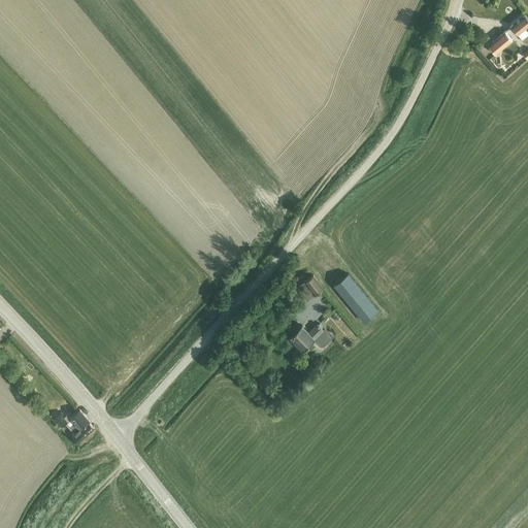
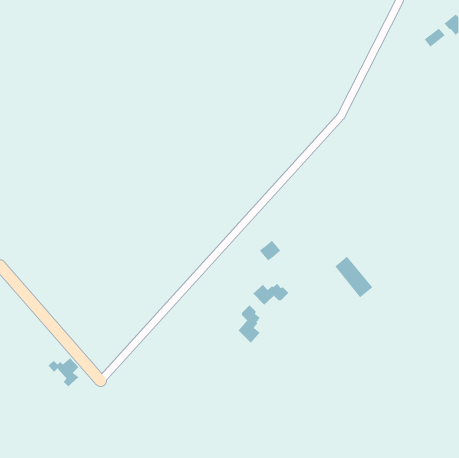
building: [334,274,378,323] -> [335,256,373,298]
building: none -> [238,305,261,343]

